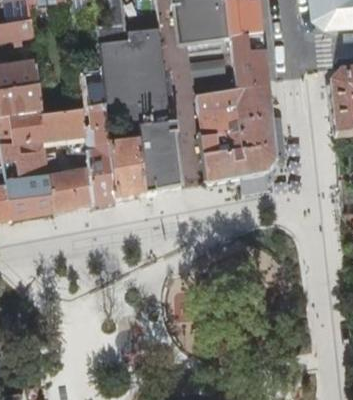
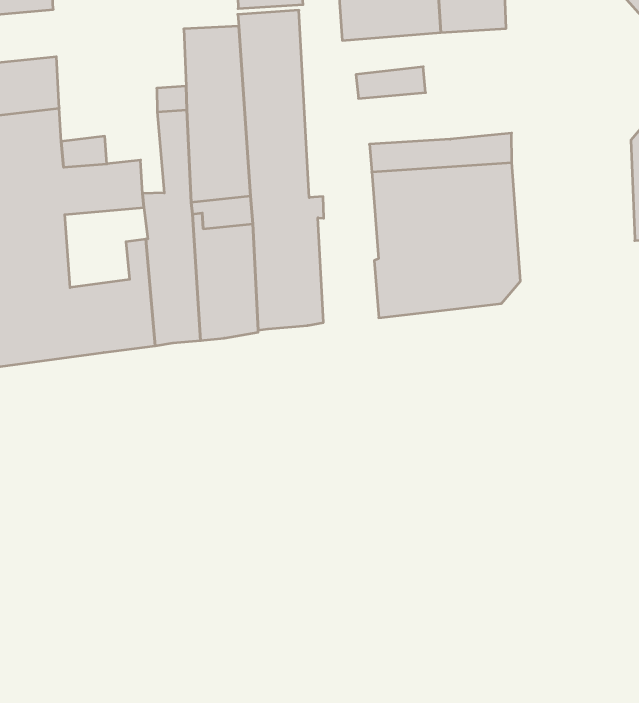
building: [230,31,269,89] -> none

